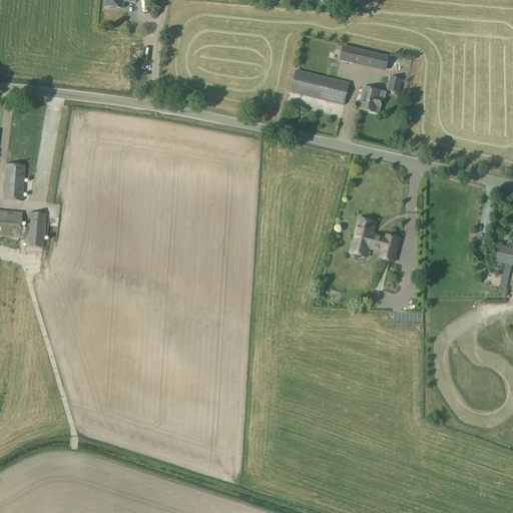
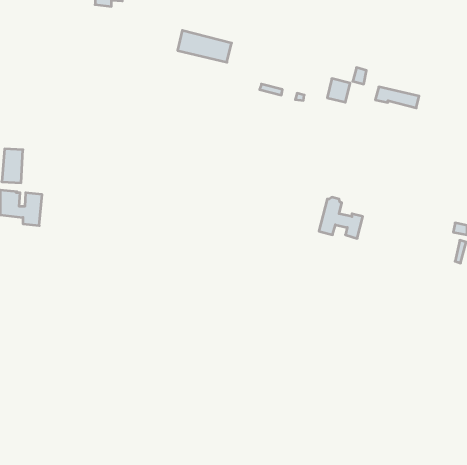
building: [341,46,389,69] -> [375,87,419,108]
building: [291,69,350,104] -> [178,30,232,62]

